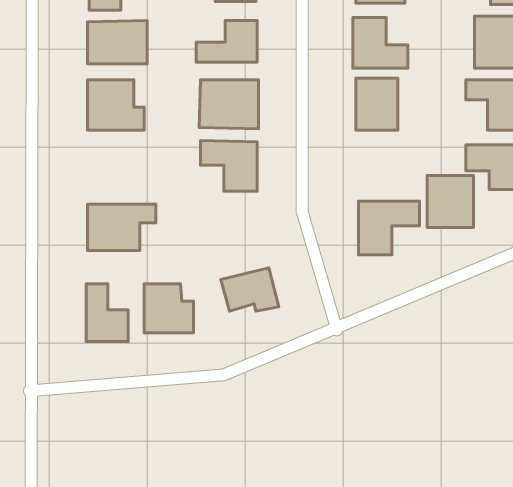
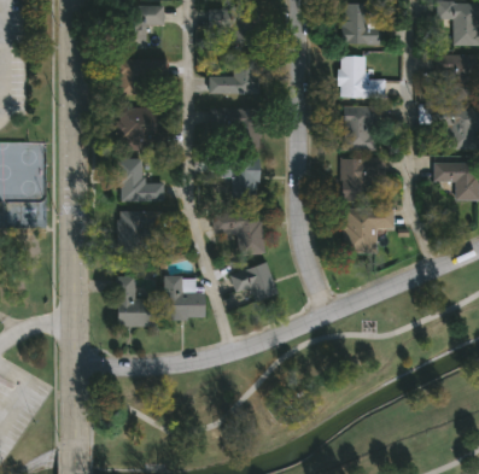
building: none -> [118,158,164,201]
building: [427,176,473,228] -> [340,157,379,200]
building: none -> [212,209,265,257]

